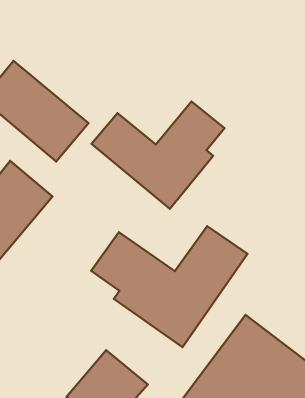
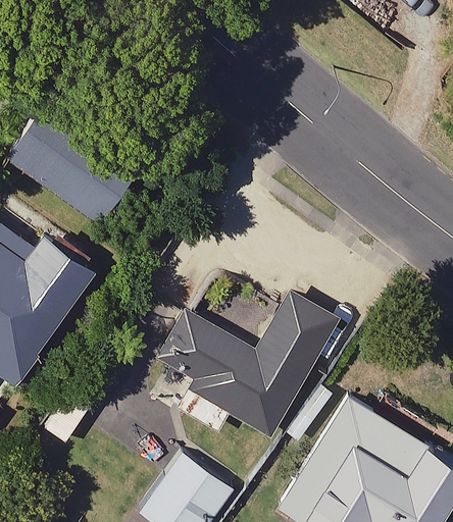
building: [92,101,224,209] -> none

